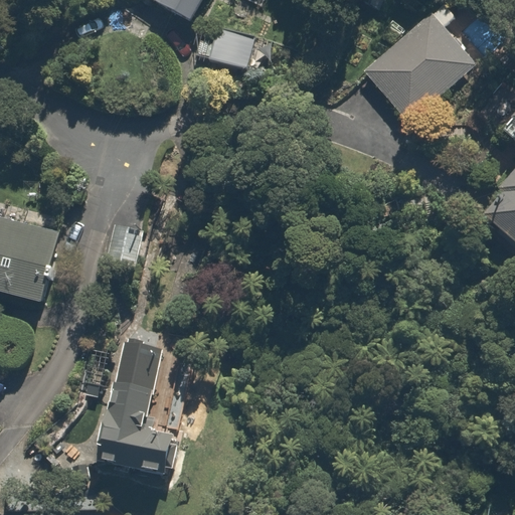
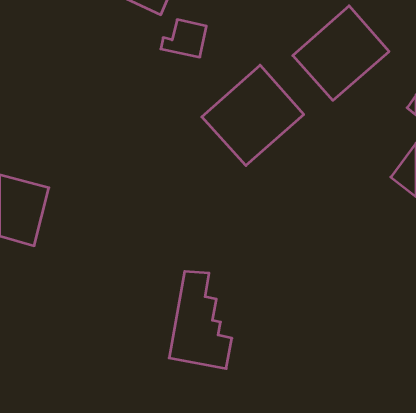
building: none -> [202,65,304,166]
building: [100,356,177,476] -> [169,271,232,369]

